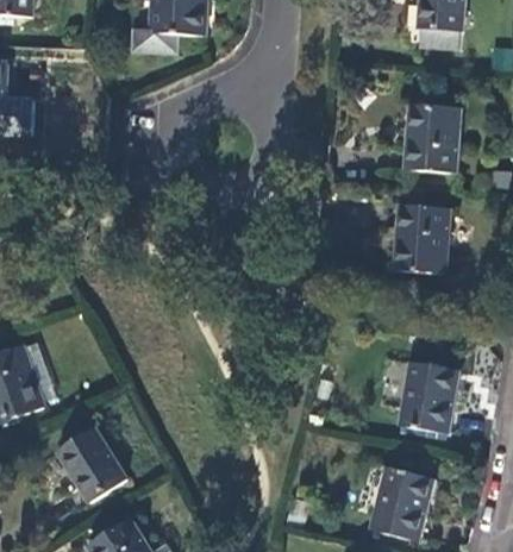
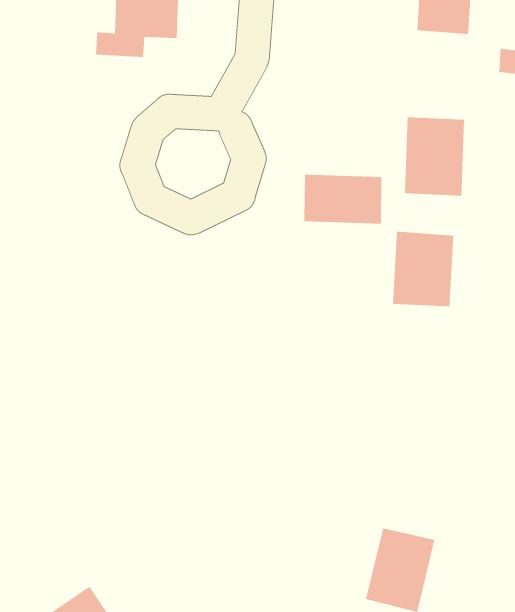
building: none -> [304,174,382,225]
building: [399,362,458,434] -> none
building: [57,427,126,502] -> none

